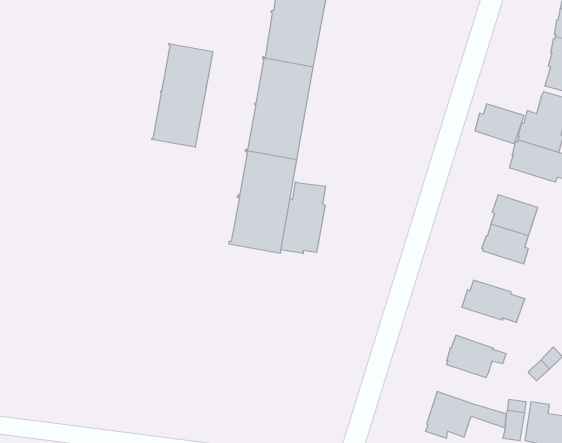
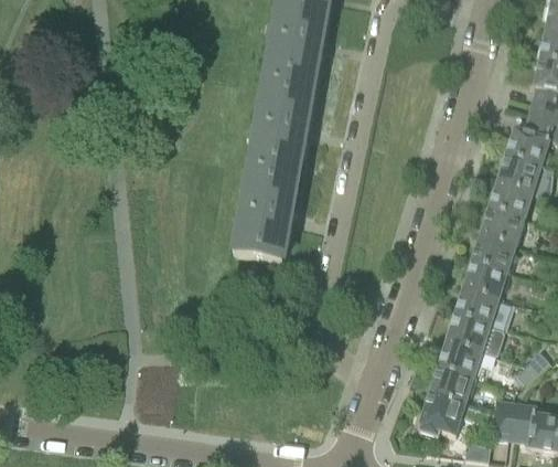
building: [152,43,213,147] -> none
building: [475,104,524,144] -> [487,180,534,217]
building: [281,182,326,254] -> none
building: none -> [464,258,512,297]
building: none -> [448,311,504,355]
building: none -> [430,365,476,403]

